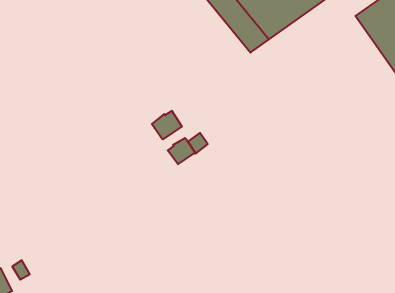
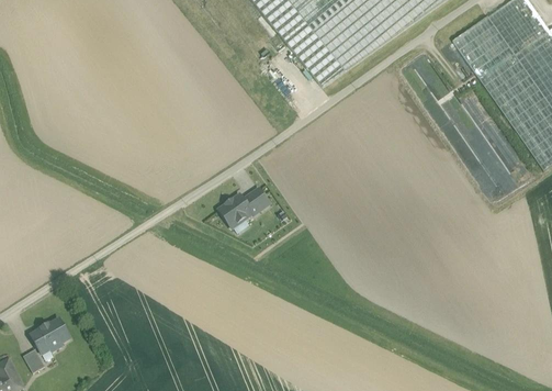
building: [152,111,182,139] -> none
building: none -> [31,316,70,351]

